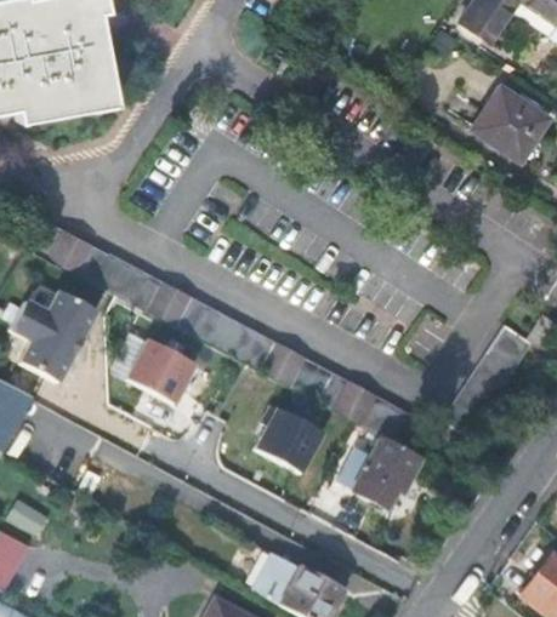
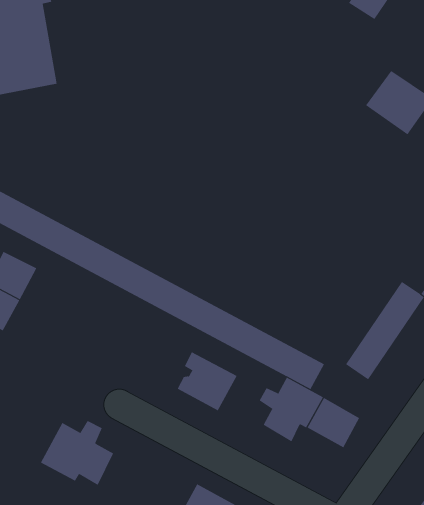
building: [126,339,195,407] -> none
building: none -> [307,397,360,448]
building: none -> [40,420,114,486]

